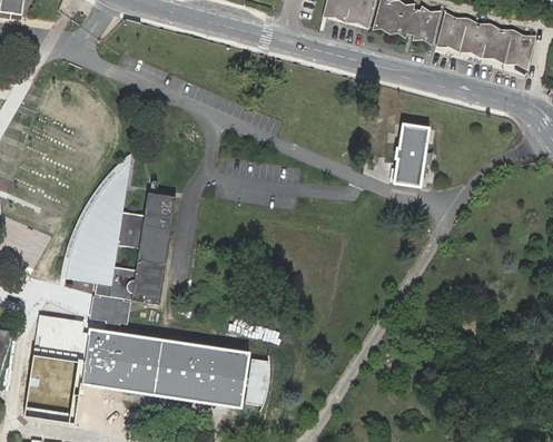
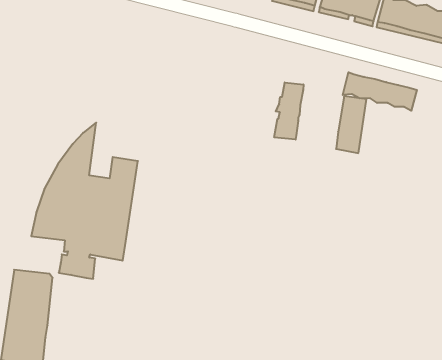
building: none -> [343,72,417,111]
building: none -> [274,82,303,140]
building: [80,320,270,407] -> none

